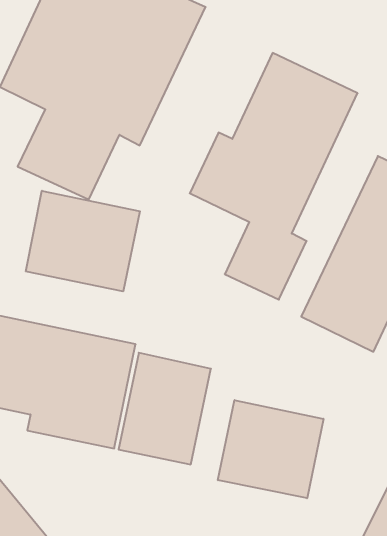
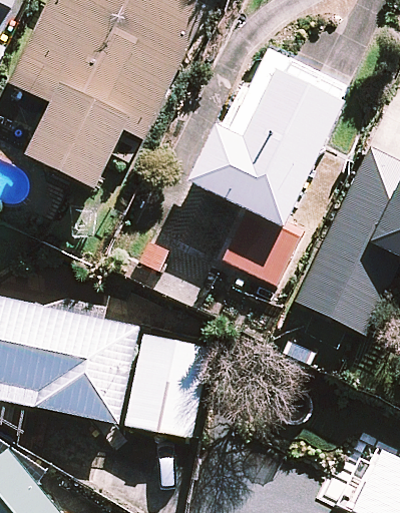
building: [26,191,140,291] -> none
building: [218,400,323,498] -> none

